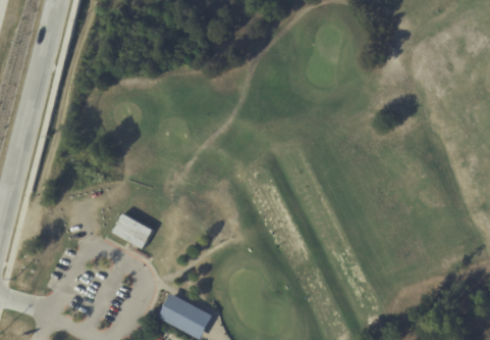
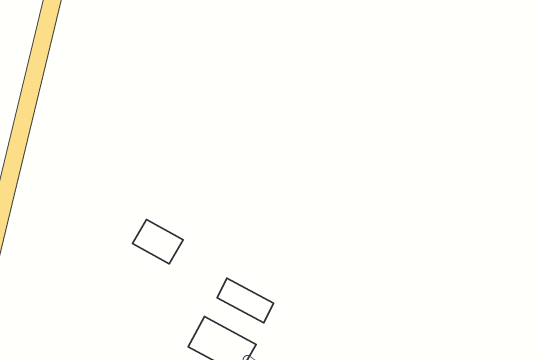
building: none -> [217,278,274,323]

